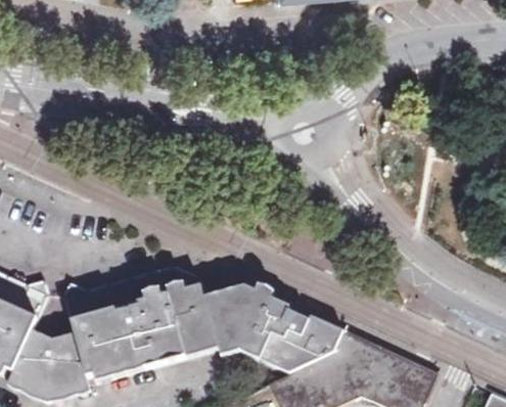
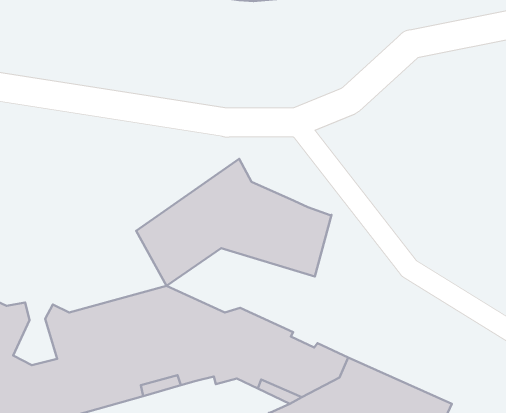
building: none -> [136,159,331,286]

